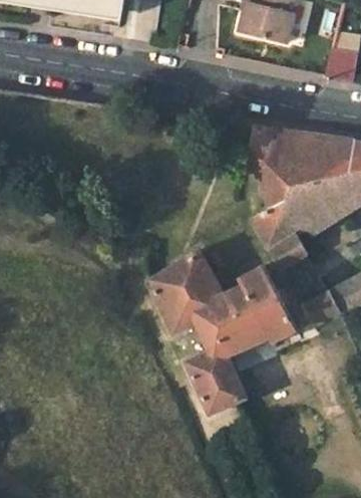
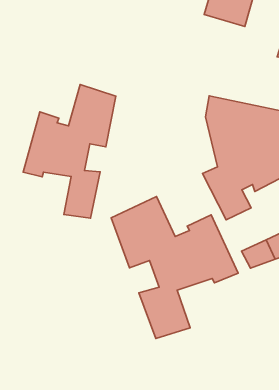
building: none -> [23,85,116,218]

